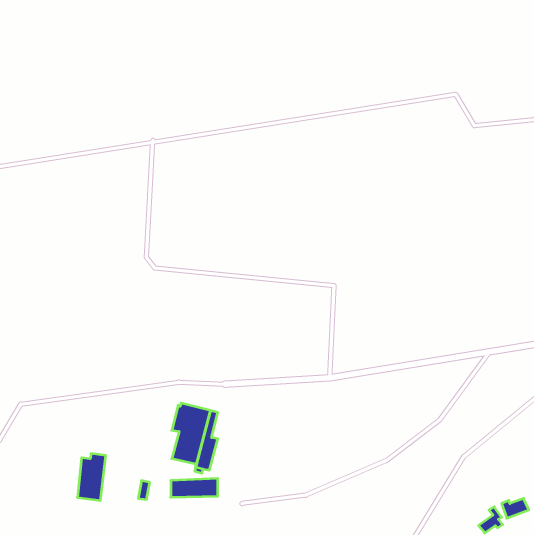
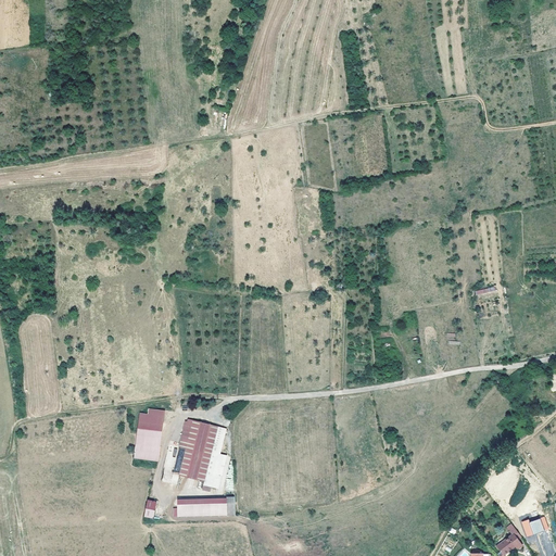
building: [77,454,106,501] -> [134,408,163,457]

